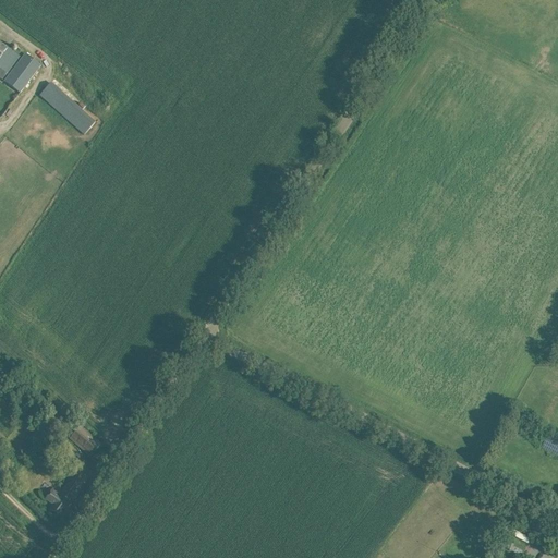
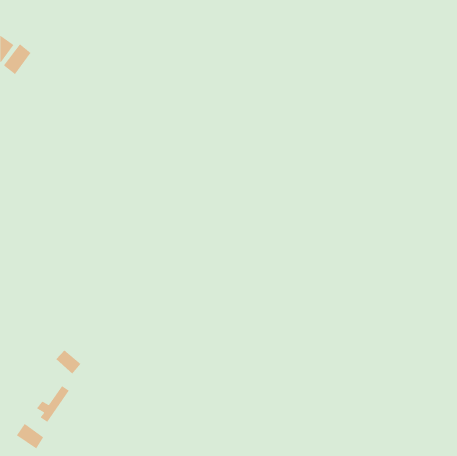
building: [37,81,95,133] -> none
building: none -> [16,423,44,450]

